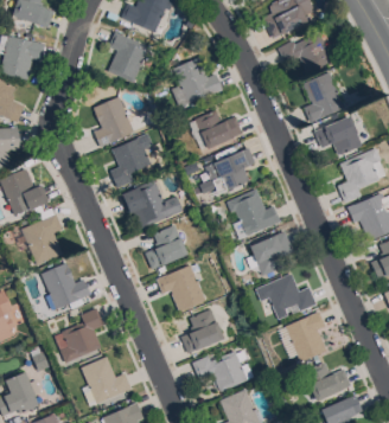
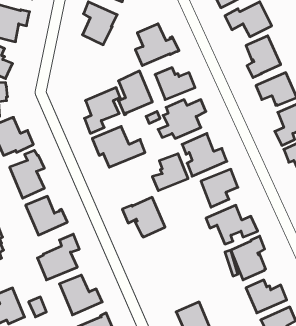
building: [94,96,134,148] -> [118,71,152,115]
building: [145,225,187,269] -> [152,154,188,191]
building: [180,309,224,353] -> none
building: [192,351,254,392] -> none

